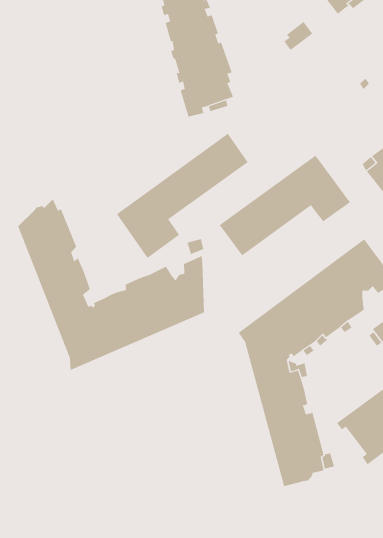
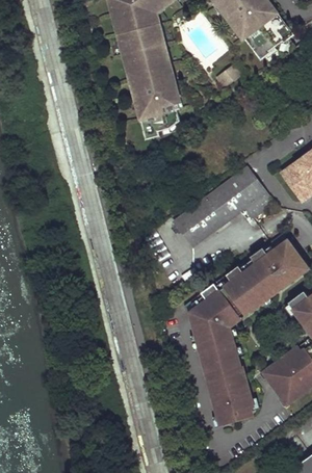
building: [116,133,249,259] -> none
building: [17,199,205,371] -> none

